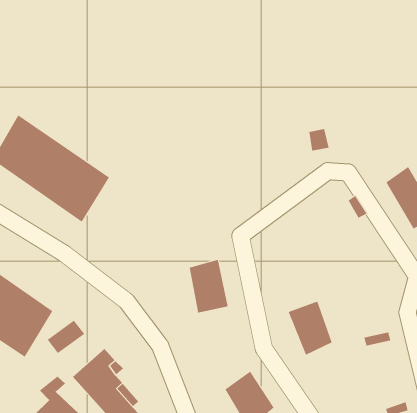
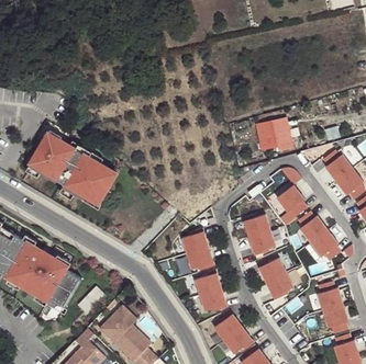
building: none -> [278,184,313,227]
building: none -> [242,214,275,253]
building: none -> [300,215,340,260]
building: none -> [193,272,226,312]
building: none -> [319,288,350,331]

